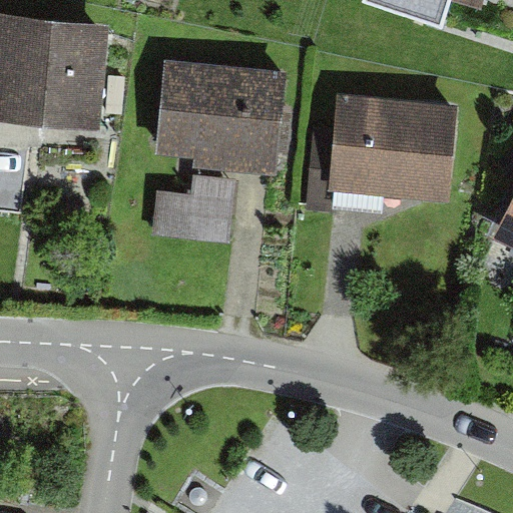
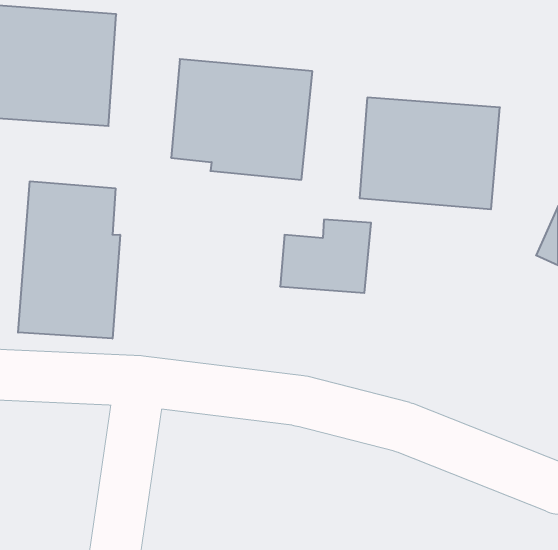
building: none -> [18,181,120,339]
building: [152,180,235,247] -> [280,220,371,293]

